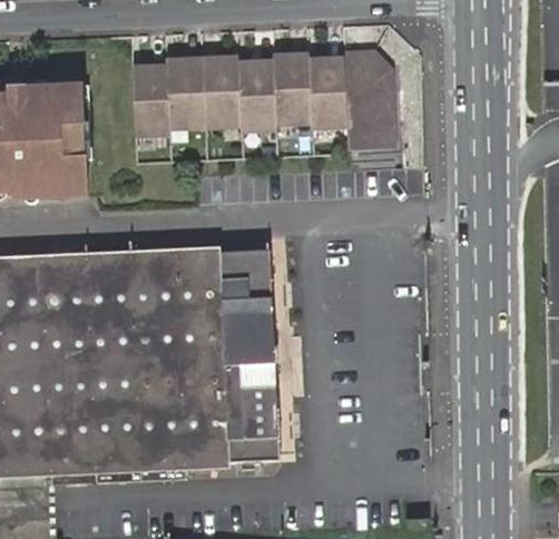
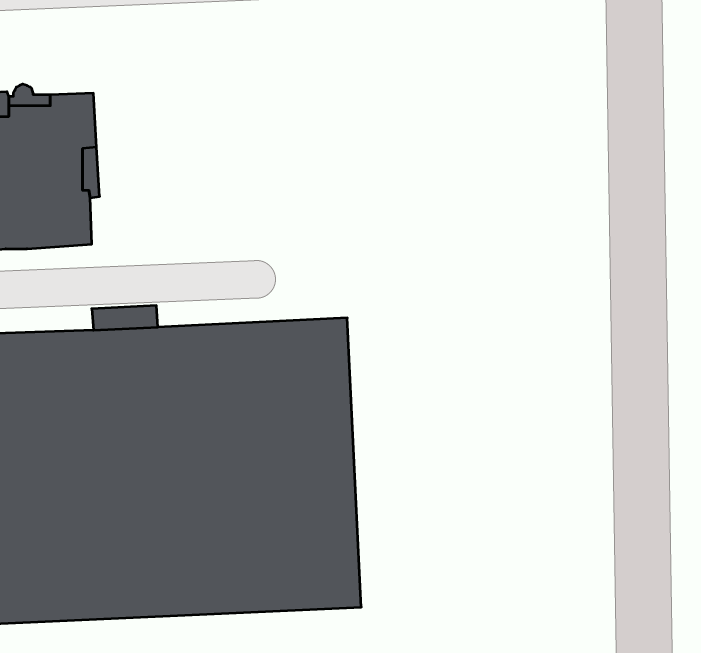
building: [134,49,393,147] -> none

